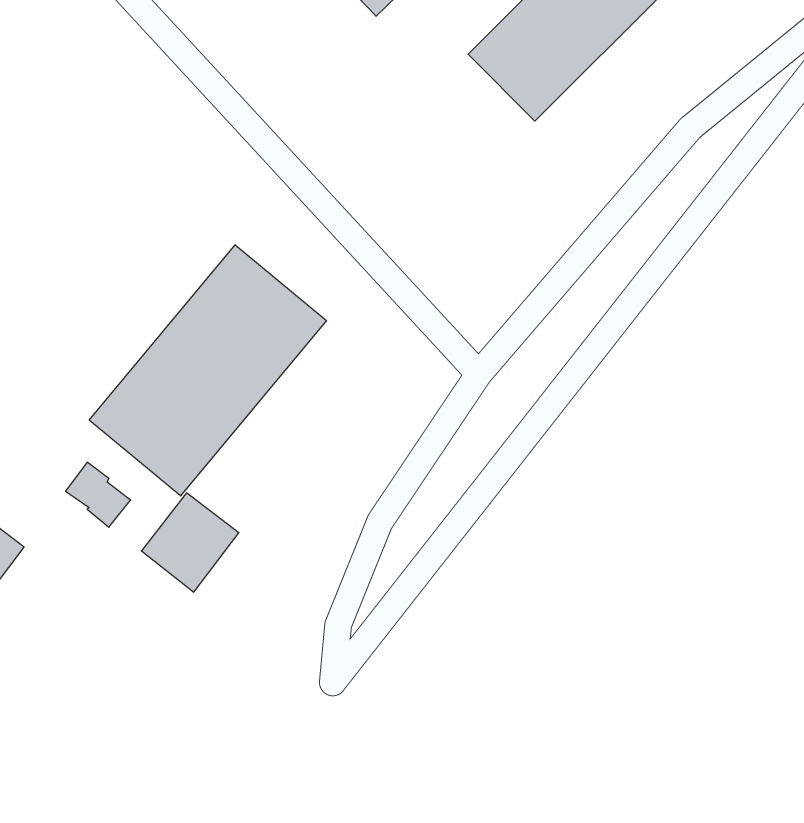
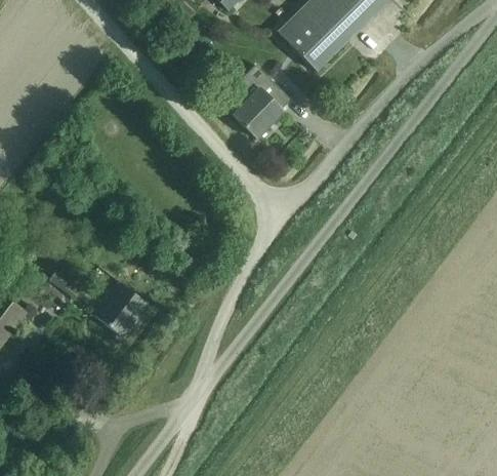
building: none -> [231,65,289,140]
building: [89,245,326,496] -> none

